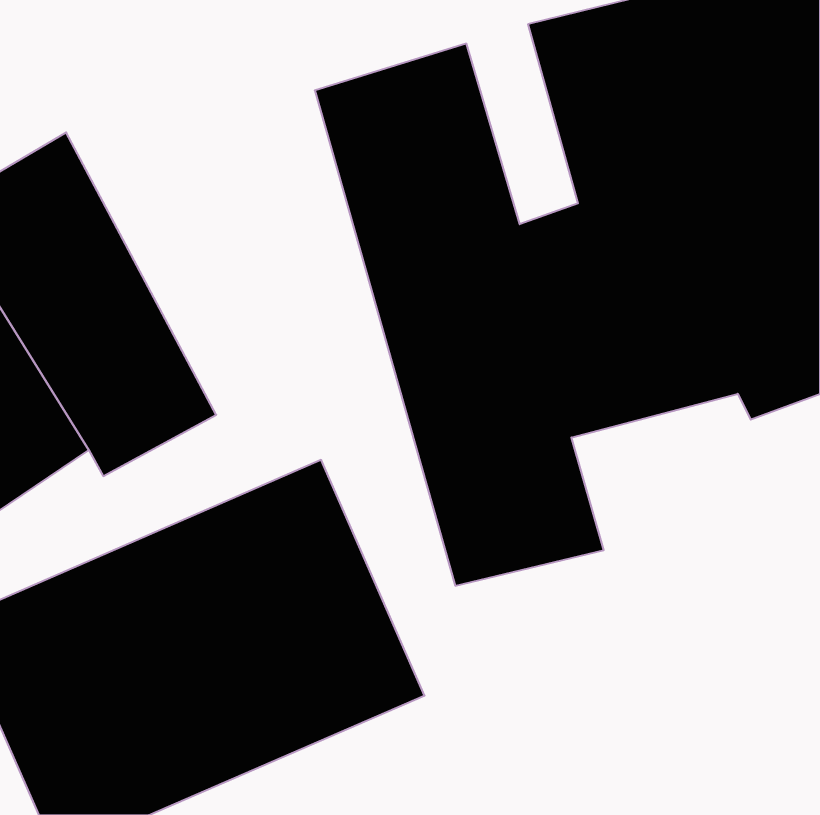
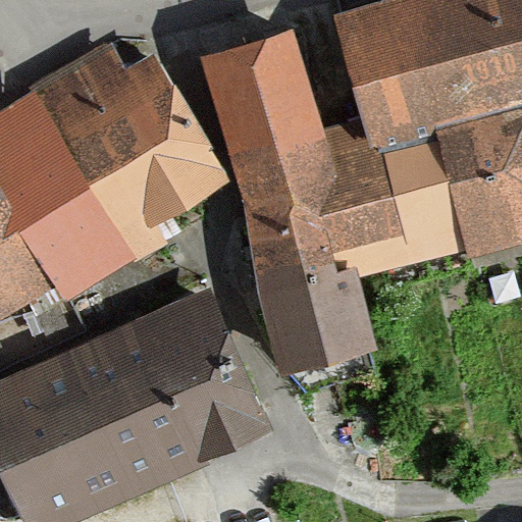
building: none -> [42,47,217,262]

